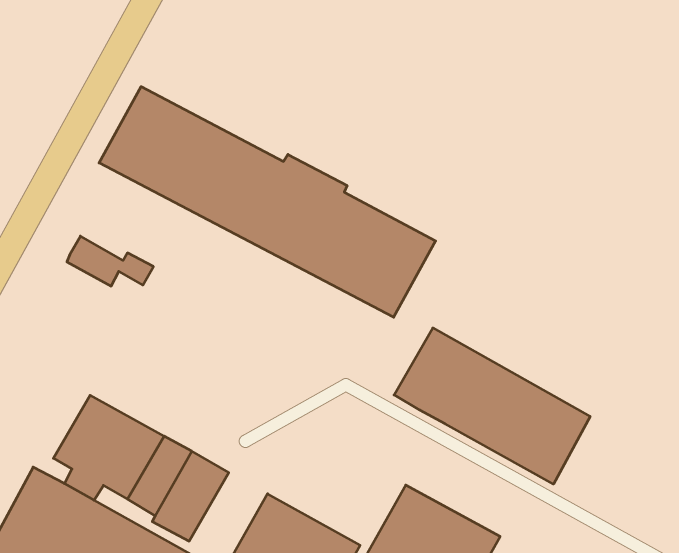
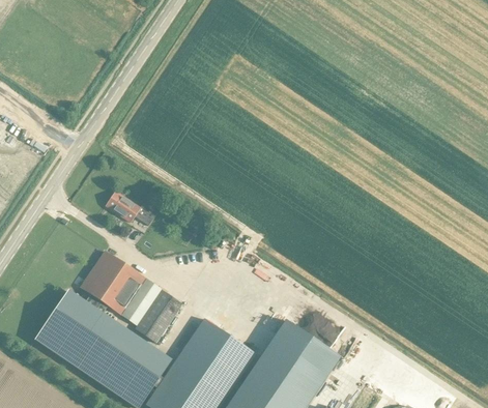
building: [99,87,436,317] -> none
building: [67,236,153,286] -> [107,191,157,223]
building: [394,328,590,484] -> none

